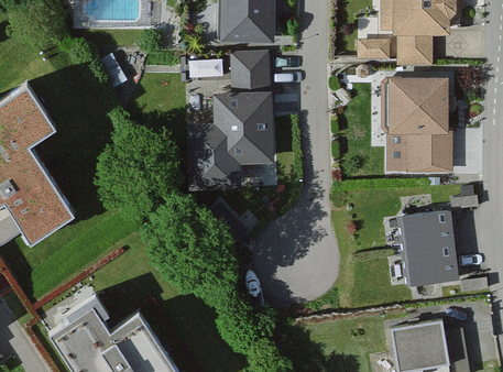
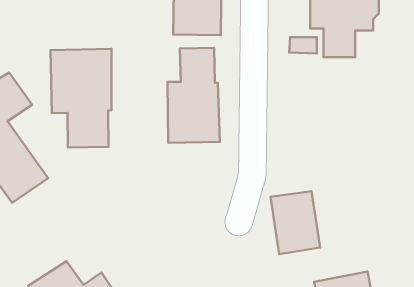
building: none -> [50,49,112,147]
building: [389,84,451,173] -> none
building: [401,214,458,286] -> [271,191,320,254]

